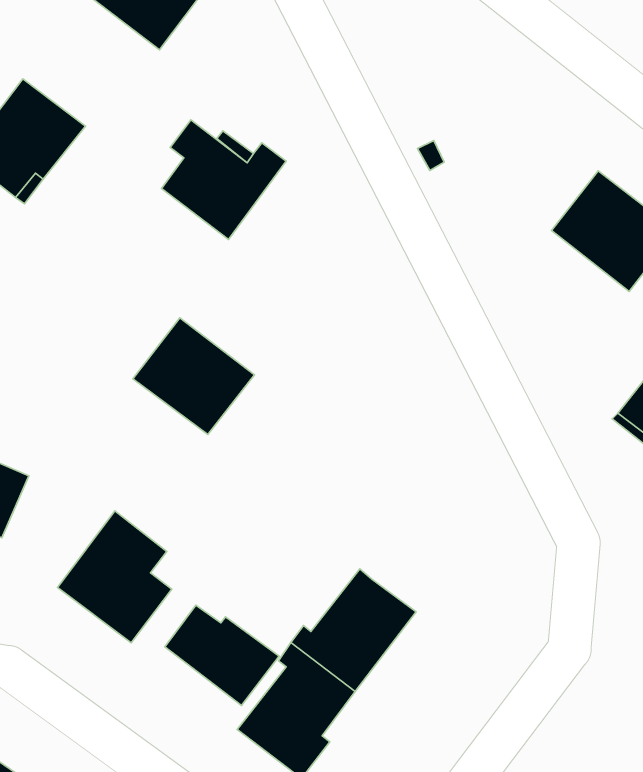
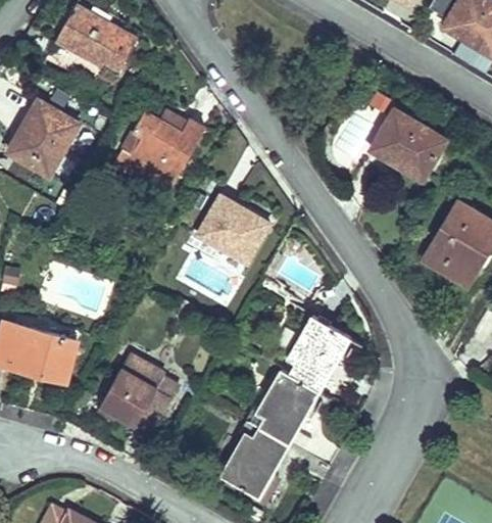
building: [133,318,255,434] -> [196,195,269,264]
building: none -> [288,316,350,391]
building: [165,605,279,705] -> none

